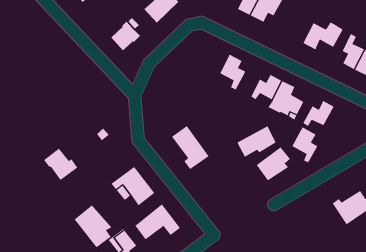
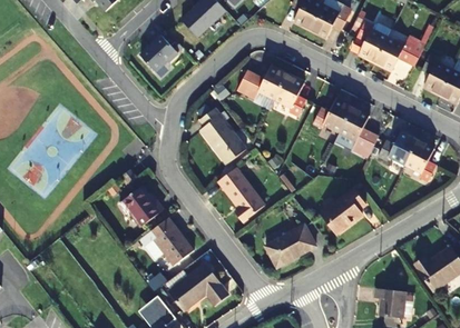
building: none -> [361,18,392,63]
building: none -> [247,69,287,101]
building: none -> [197,108,244,165]
building: [236,126,277,158] -> [262,226,312,266]
building: [291,127,318,163] -> [405,142,439,188]
building: [43,148,78,181] -> [120,186,164,227]
building: [74,204,112,248] -> none
building: none -> [374,287,405,317]

